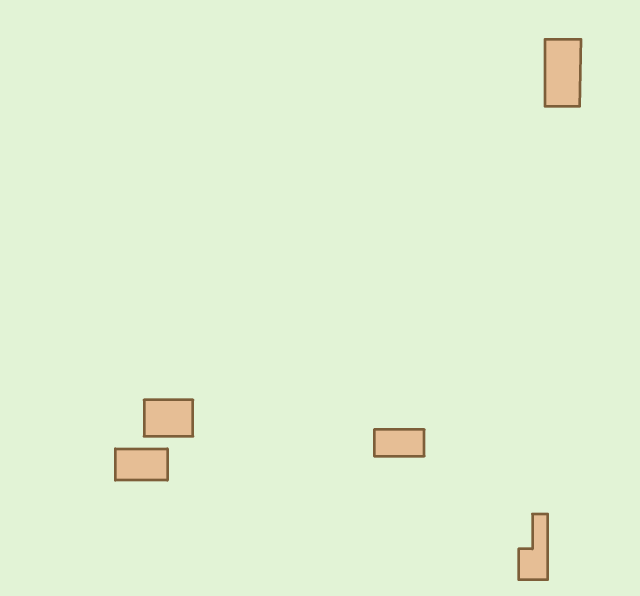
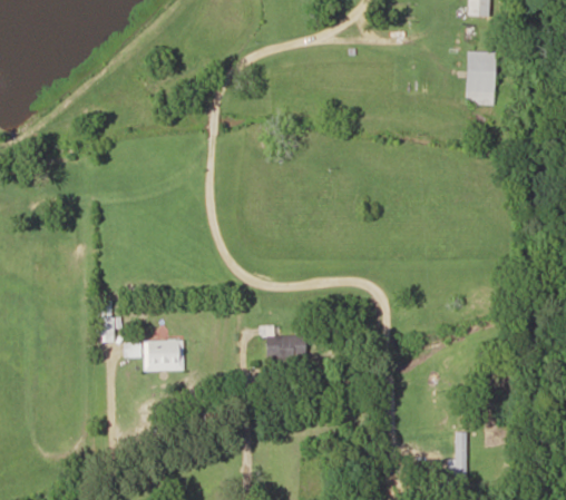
building: [374,430,424,456] -> [266,336,306,357]
building: [115,449,167,480] -> none

